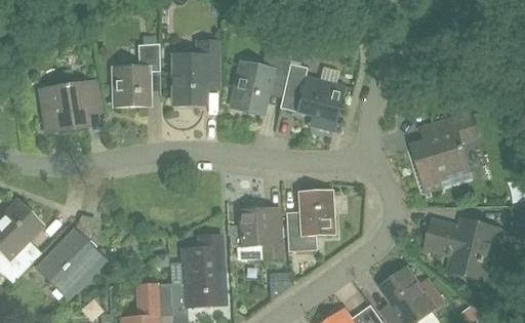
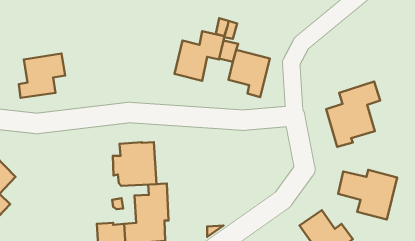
building: [172,41,216,104] -> none
building: [114,43,159,107] -> none
building: [285,191,332,251] -> none
building: [230,207,282,259] -> [113,142,156,186]
building: [36,230,104,297] -> none

